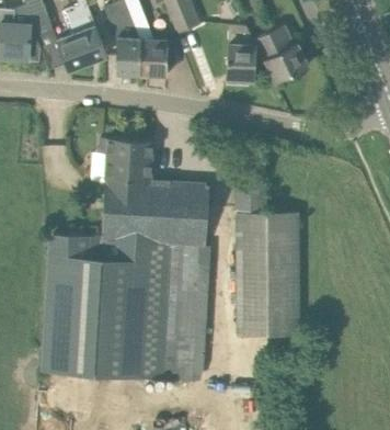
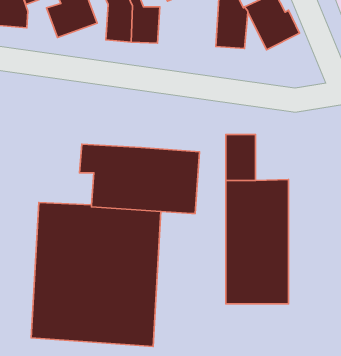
building: [92,138,153,181] -> none
building: [163,245,209,382] -> none

